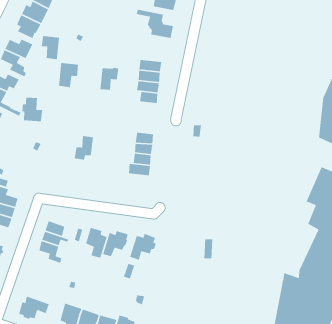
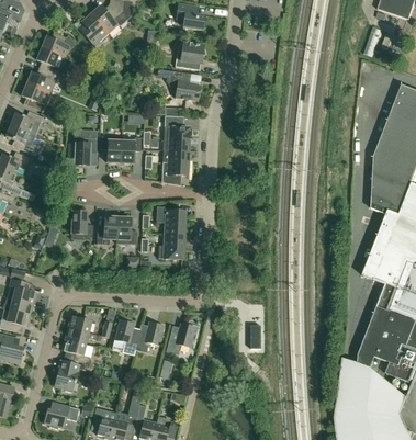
building: [41,35,60,60] -> [101,135,122,162]
building: [22,97,43,122] -> [69,211,93,238]
building: none -> [116,216,137,242]
building: none -> [55,358,78,391]

